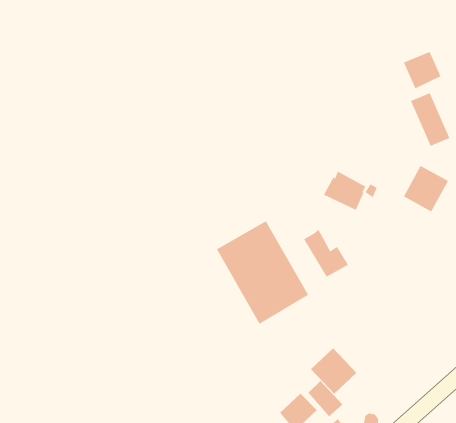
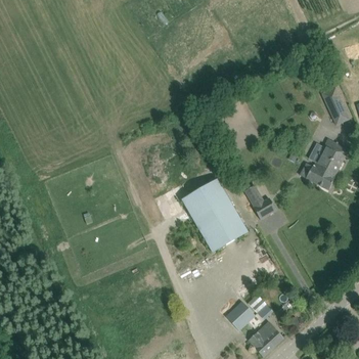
building: [403,51,441,89] -> none
building: [323,171,366,211] -> [306,161,336,189]
building: [310,348,357,395] -> none

